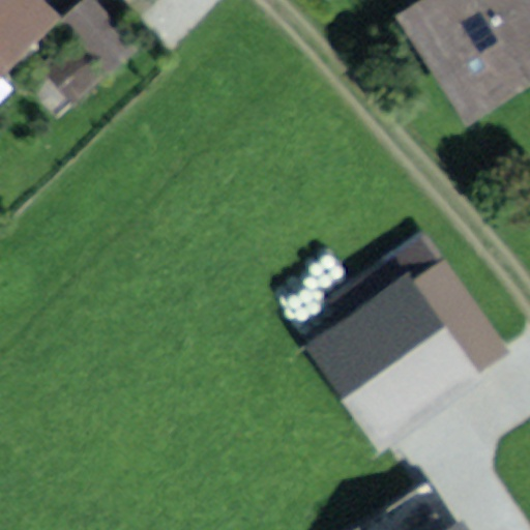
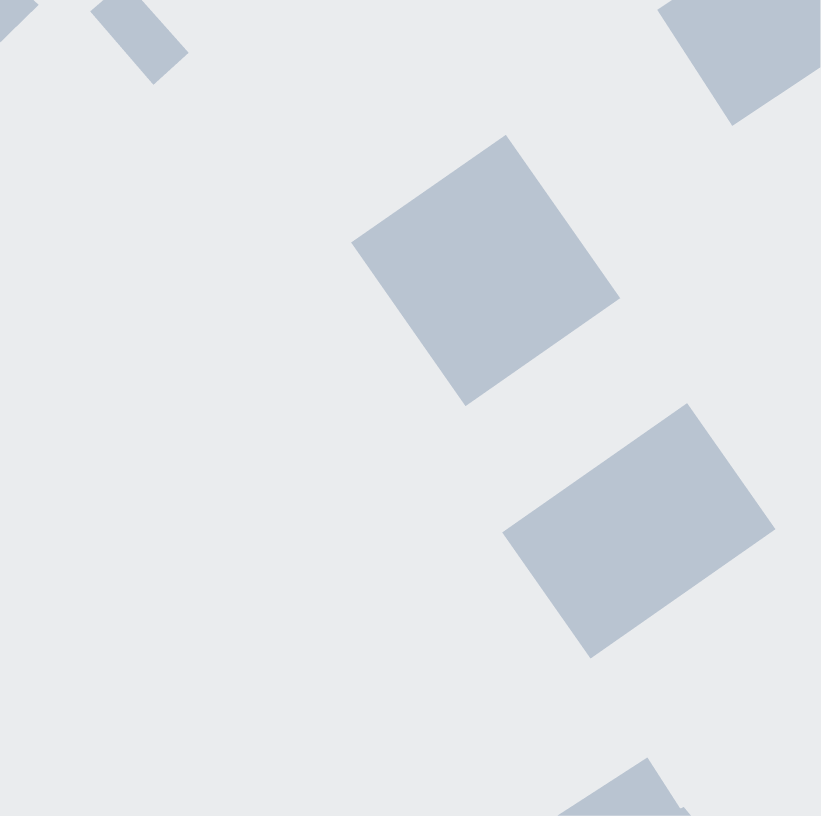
building: none -> [350,134,621,407]

